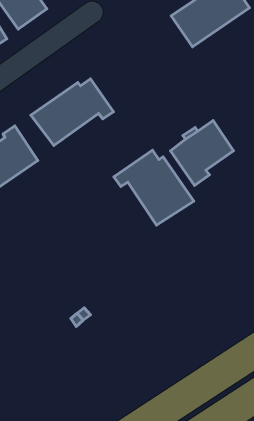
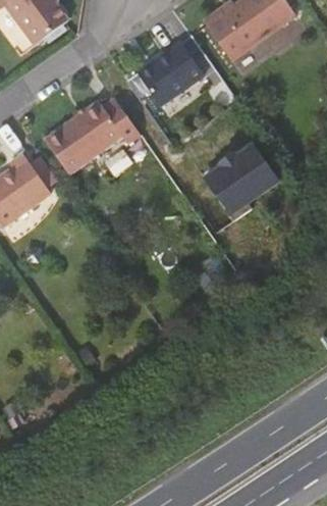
building: none -> [139,45,205,107]
building: [114,150,194,225] -> none

